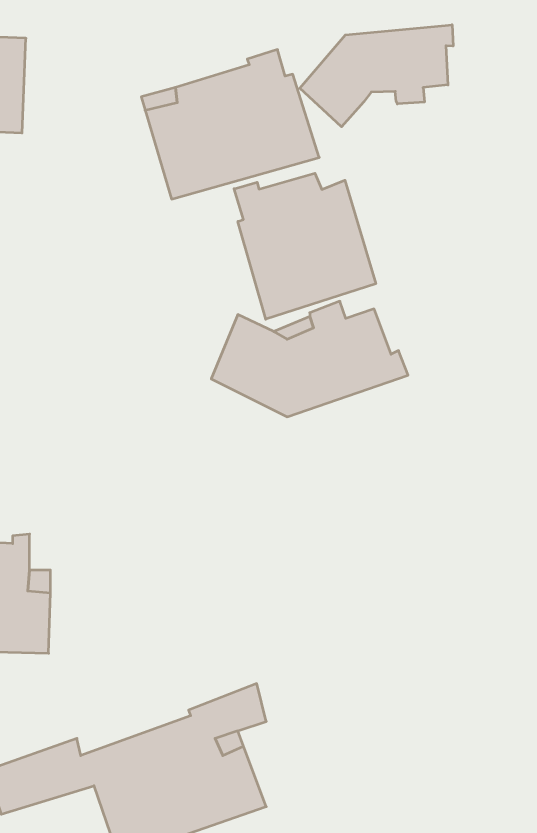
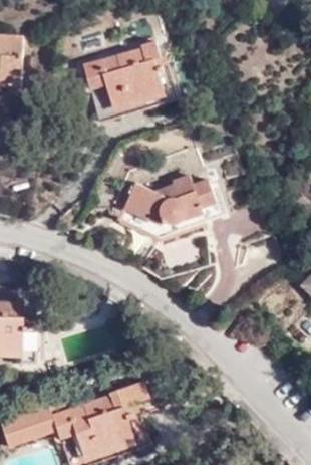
building: [300,25,453,127] -> none
building: [234,173,376,319] -> none

